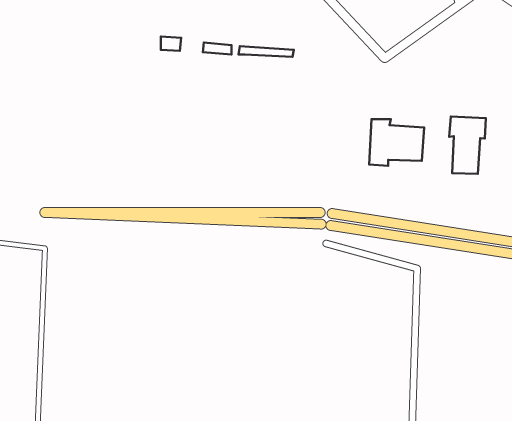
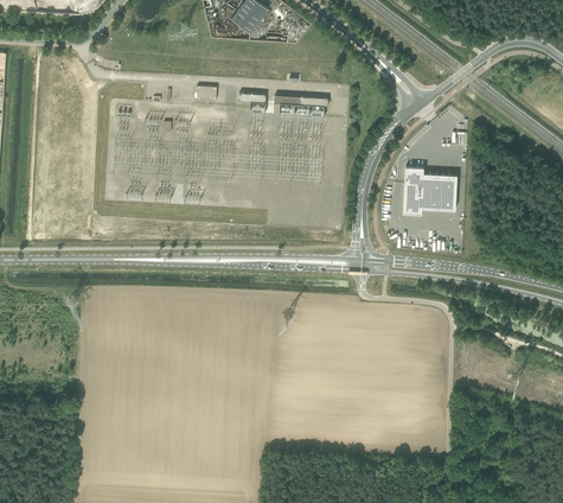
building: [449,116,486,174] -> none

